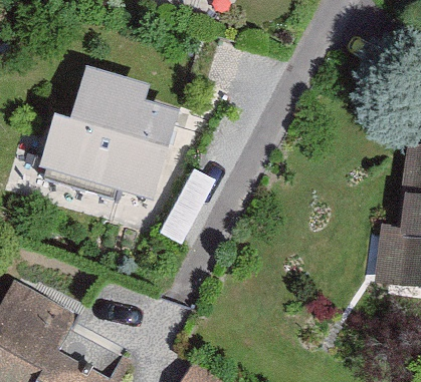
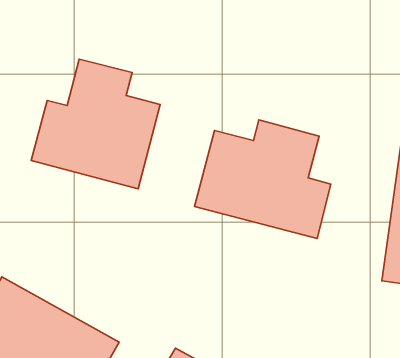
building: none -> [195,120,331,238]

